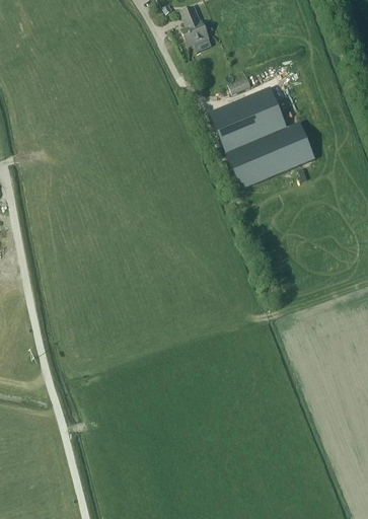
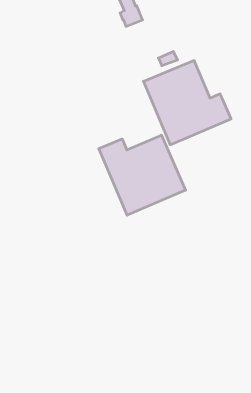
building: none -> [99,135,186,215]

